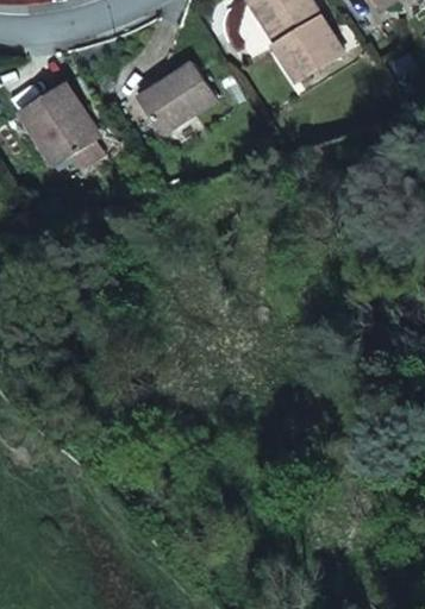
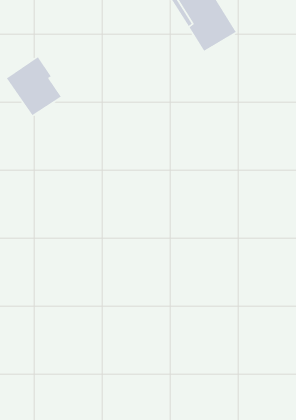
building: [138,61,217,133] -> none

